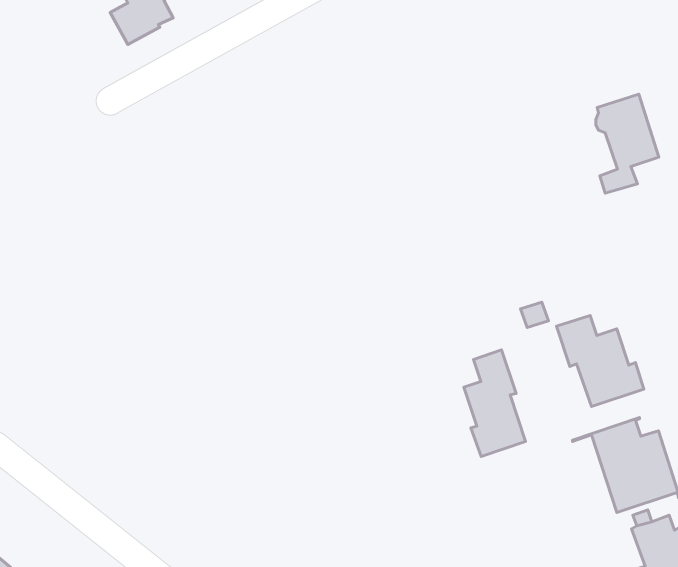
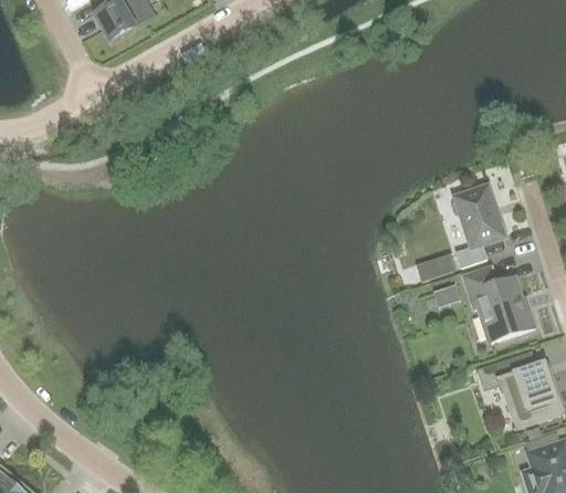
building: [596,94,659,193] -> [452,185,504,266]
building: [464,350,525,456] -> none

